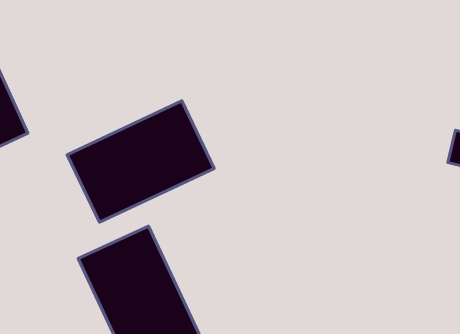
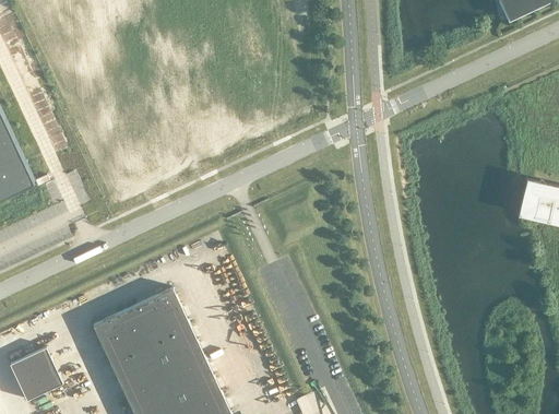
building: [67,101,214,222] -> none
building: none -> [9,347,62,401]

